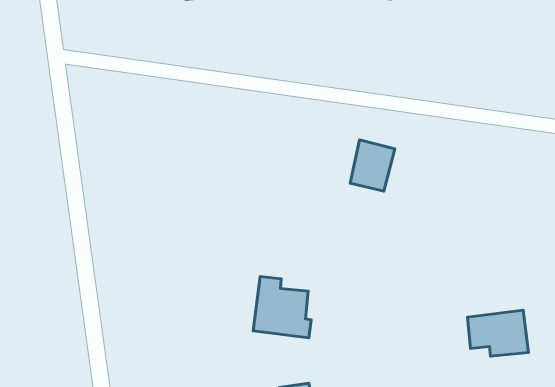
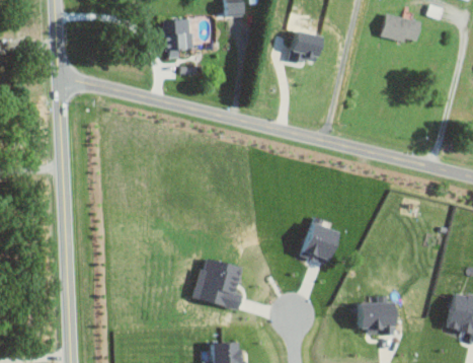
building: [350,140,395,191] -> [298,221,333,261]

